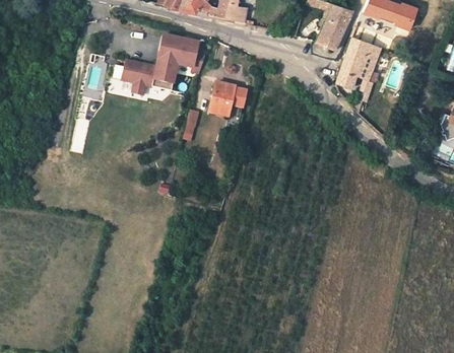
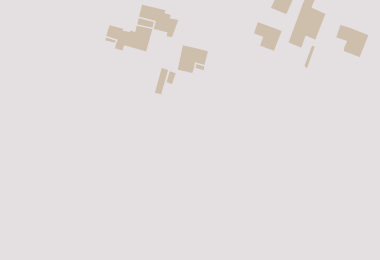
building: none -> [253,21,283,52]
building: none -> [335,24,369,58]

